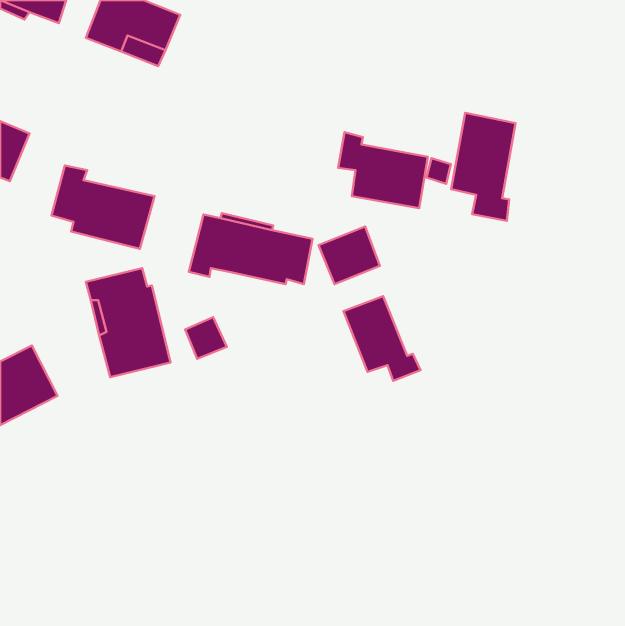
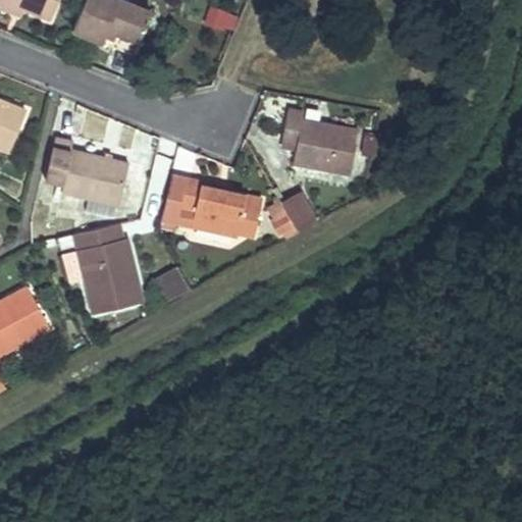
building: [451,113,516,221] -> none
building: [344,296,421,381] -> none

